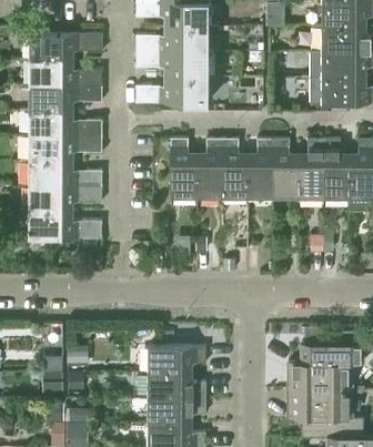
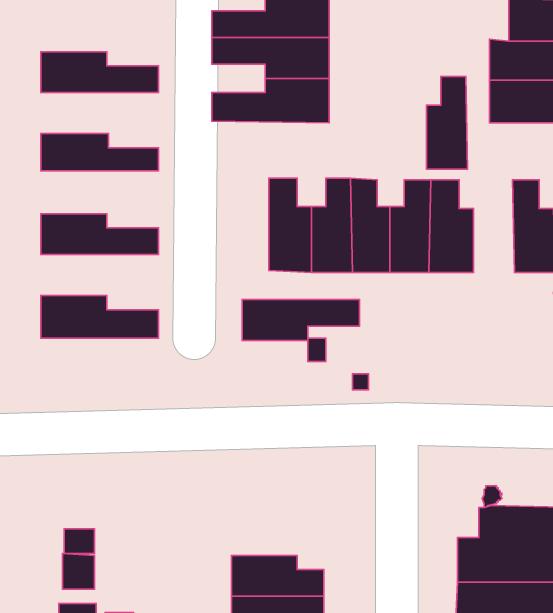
building: [29,34,103,60] -> none
building: [29,85,102,111] -> none
building: [29,134,102,161] -> none
building: [299,140,324,197] -> [427,77,467,169]
building: [29,186,102,212] -> [242,300,360,340]
building: [148,347,206,374] -> none

